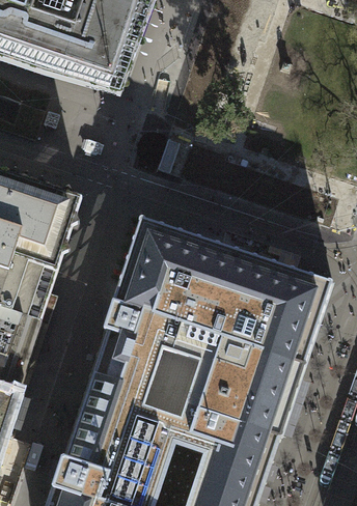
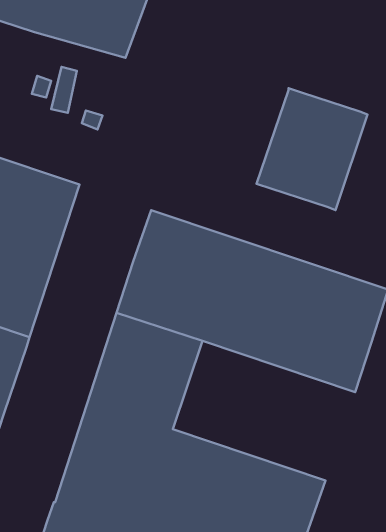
building: none -> [256,88,367,210]
building: [158,325,305,438] -> none

